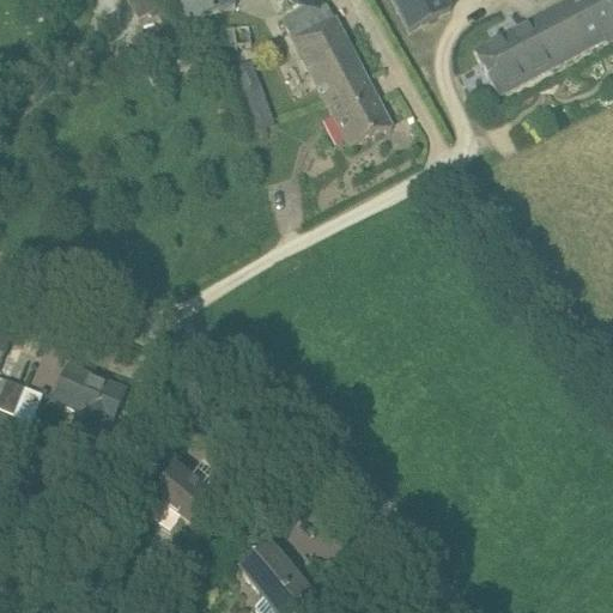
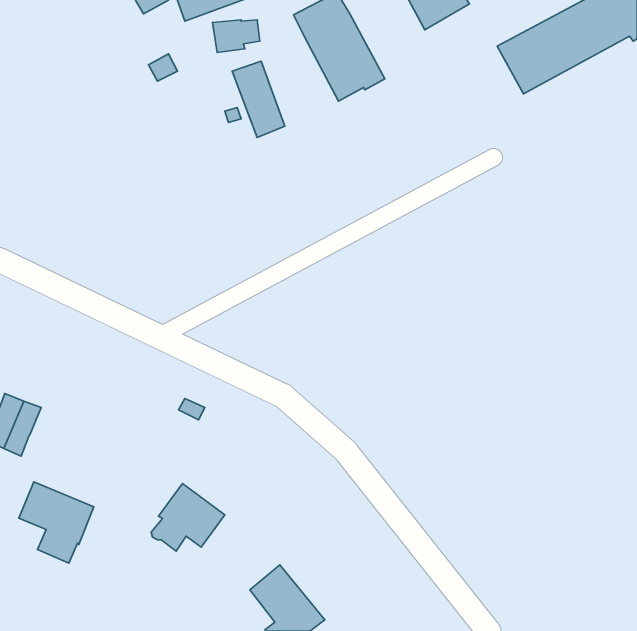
building: [324,75,393,146] -> none
building: [53,362,125,439] -> [19,482,94,563]

